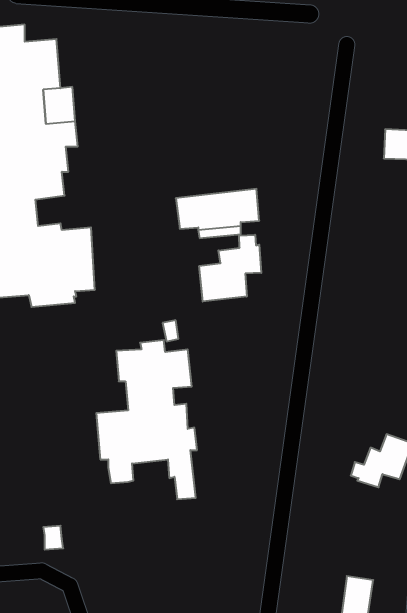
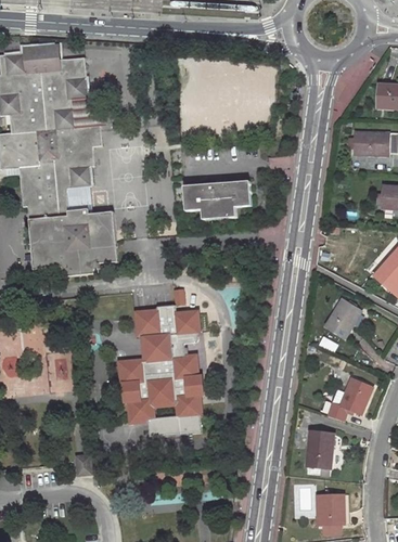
building: [199,235,261,302] -> none
building: none -> [328,301,362,339]
building: none -> [143,414,183,436]
building: none -> [309,431,337,470]

